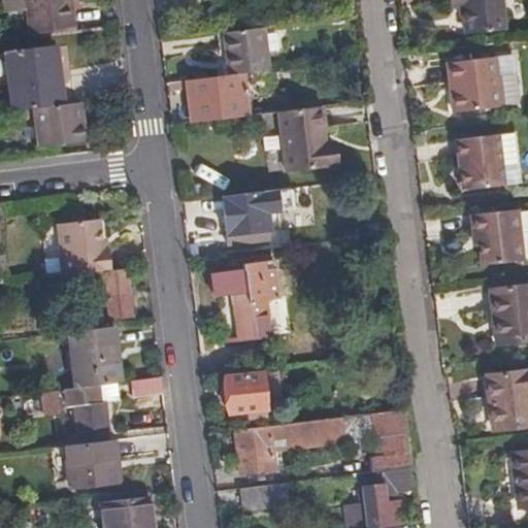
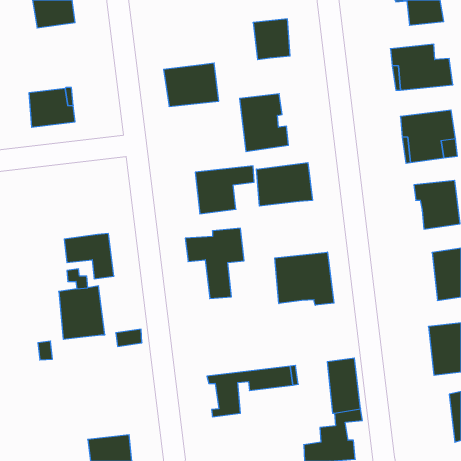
building: [225,28,267,74] -> [253,19,290,60]
building: [8,45,61,104] -> none
building: none -> [256,163,312,206]
building: [43,213,111,276] -> none
building: none -> [275,252,334,305]
building: [227,373,268,414] -> none
building: [65,383,119,437] -> none
building: [62,439,122,488] -> none
building: [240,484,288,512] -> none

